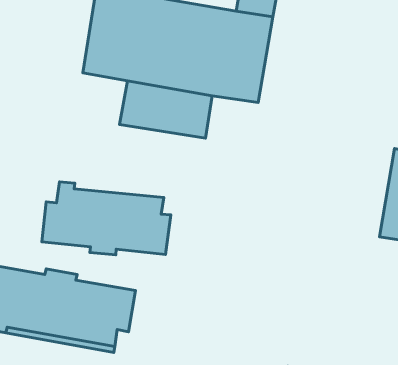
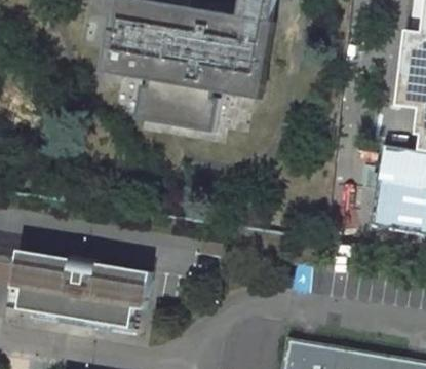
building: [42,182,171,255] -> none

